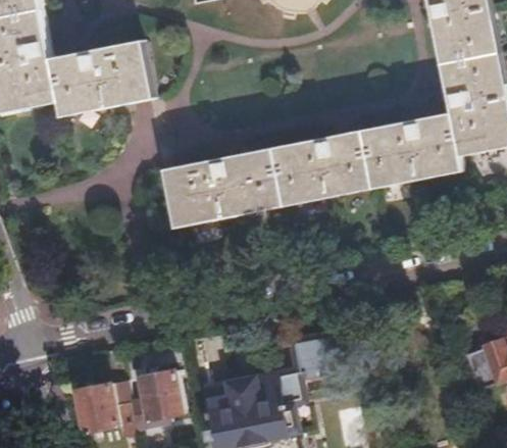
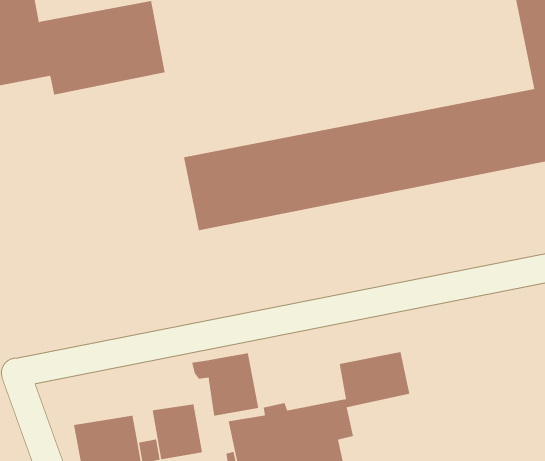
building: none -> [192,352,259,416]

